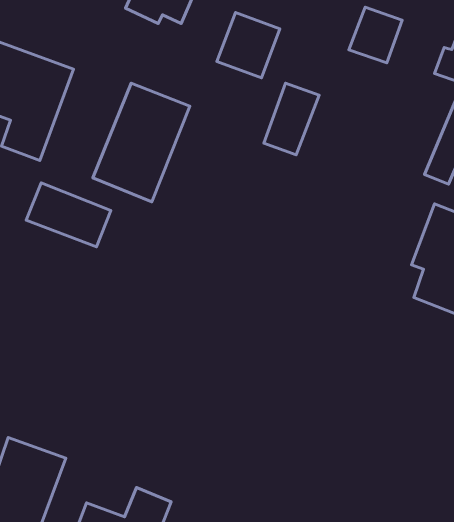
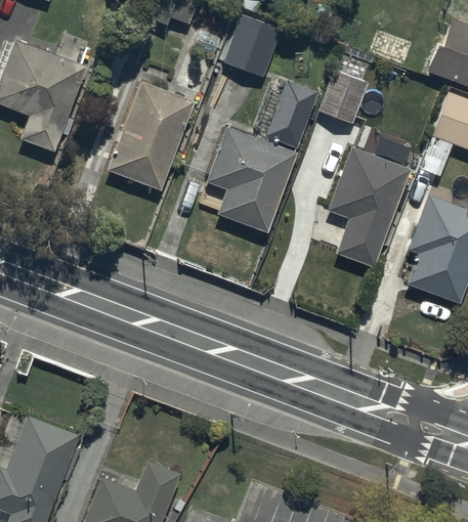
building: [349,7,402,63] -> [317,72,368,124]
building: none -> [205,125,299,235]
building: none -> [328,126,416,269]
building: [26,183,111,247] -> none

